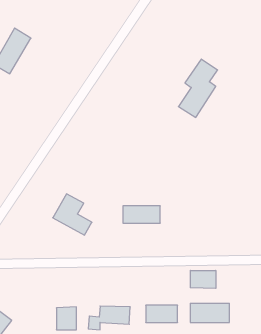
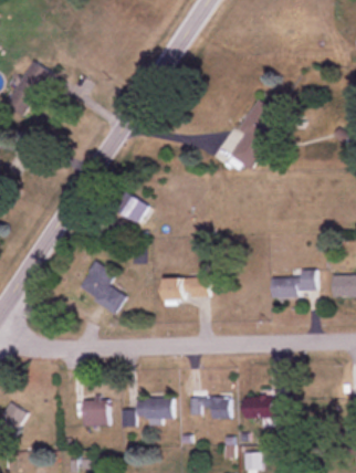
building: none -> [115,191,149,223]
building: none -> [271,270,315,294]
building: [190,270,216,288] -> none

